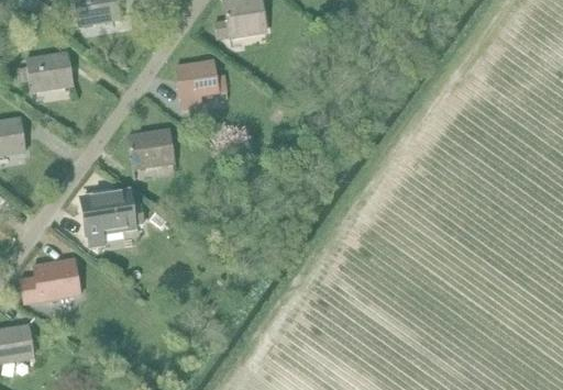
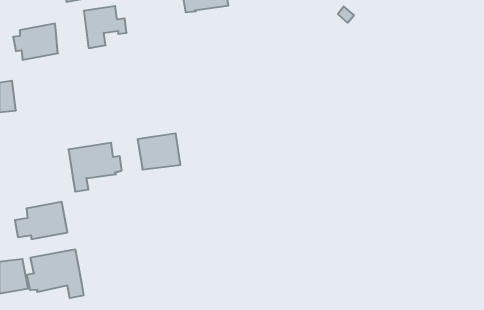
building: [177,60,227,109] -> [84,6,127,48]
building: [126,129,176,170] -> [138,133,180,170]
building: none -> [27,249,84,298]

